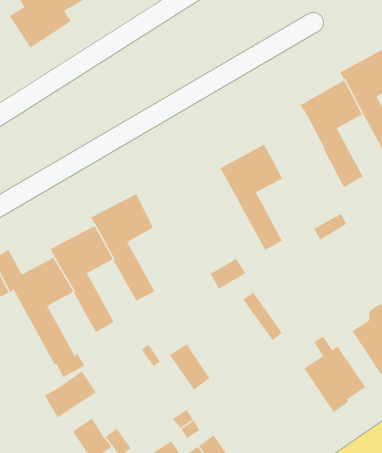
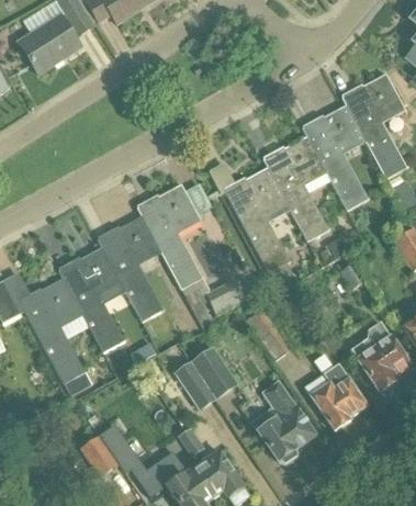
building: none -> [262,135,325,241]
building: none -> [137,183,214,327]
building: none -> [192,345,239,395]
building: none -> [251,381,316,463]
building: [44,371,97,418] -> none

